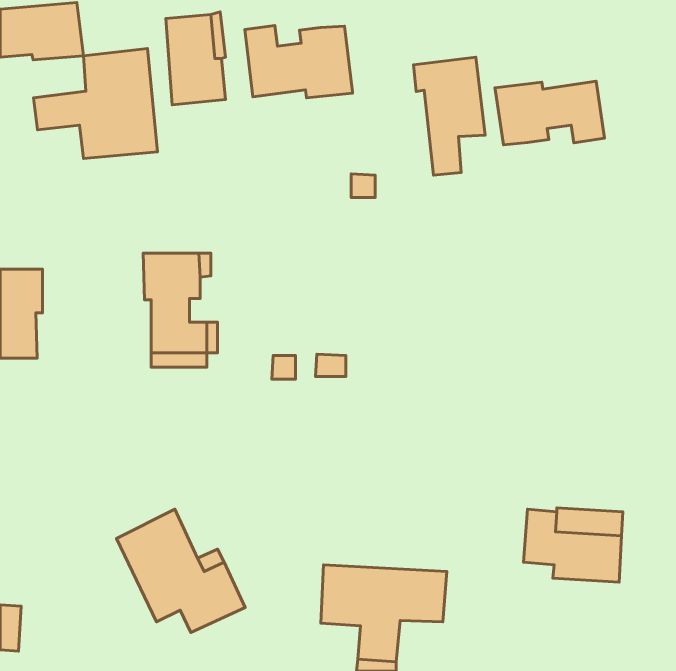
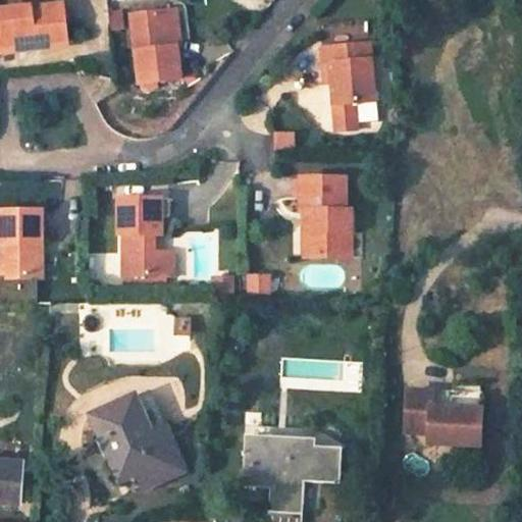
building: [245,25,353,98] -> none
building: [34,48,157,158] -> none
building: [495,81,604,145] -> none
building: none -> [297,176,350,255]

